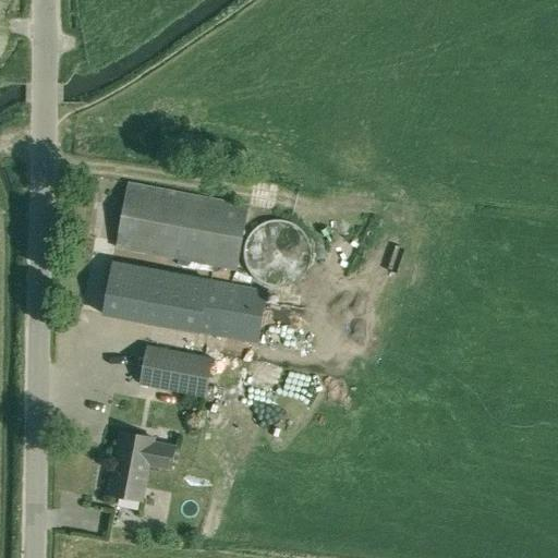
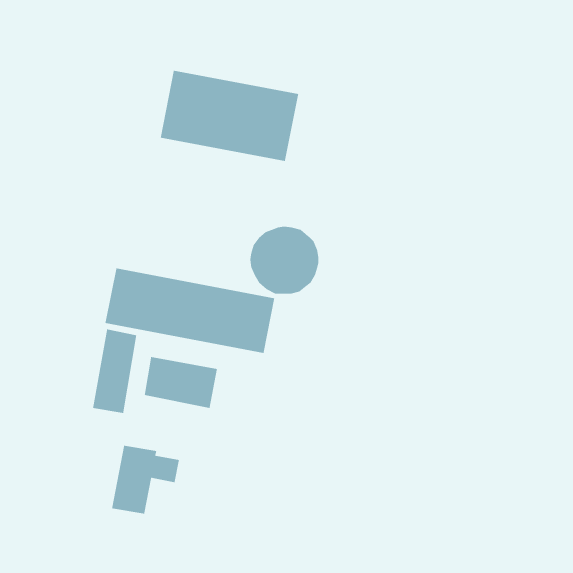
building: [113,181,248,270] -> [160,70,299,162]
building: none -> [92,329,137,414]

